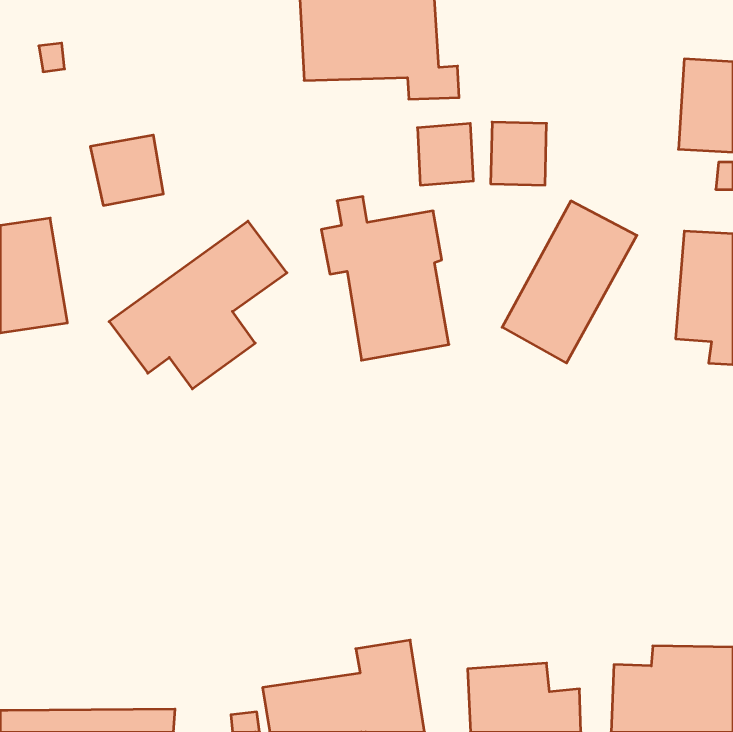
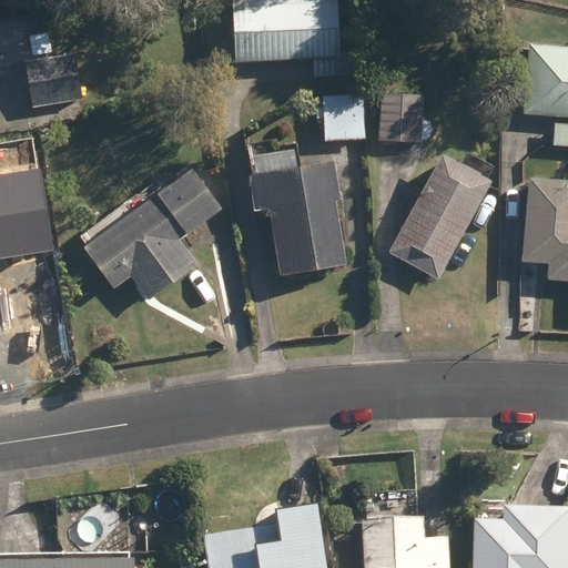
building: [90,135,163,205] -> [26,54,82,109]

